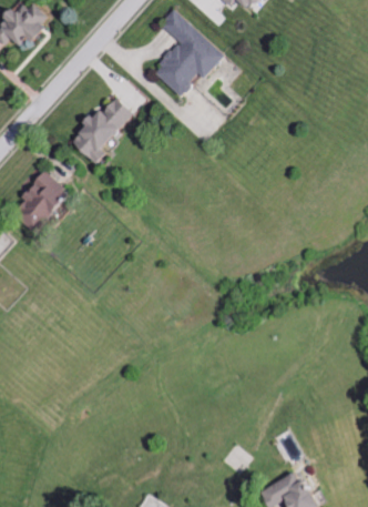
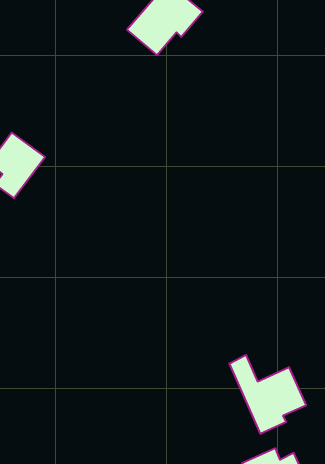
building: [71,95,133,162] -> none
building: none -> [229,355,306,434]

